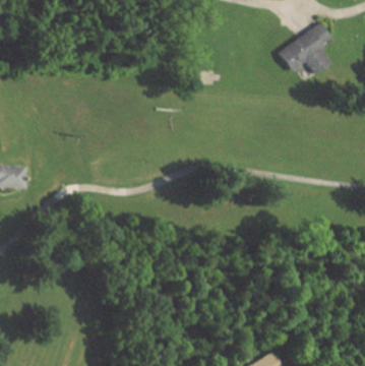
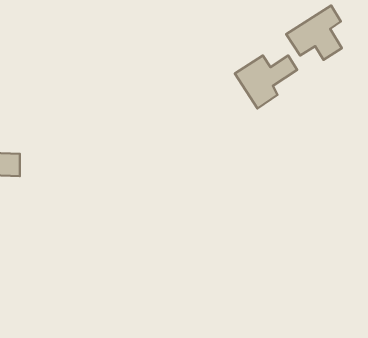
building: none -> [235,56,297,108]

